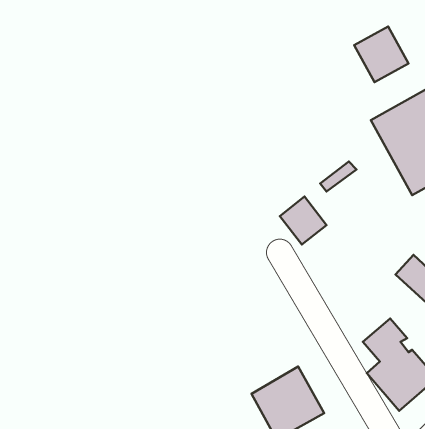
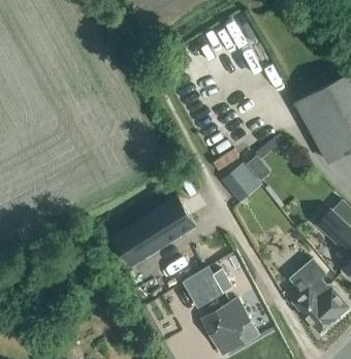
building: [354,27,409,82] -> none
building: none -> [111,195,197,267]
building: none -> [184,268,232,309]

